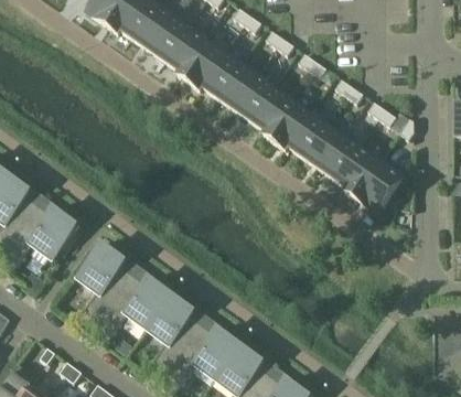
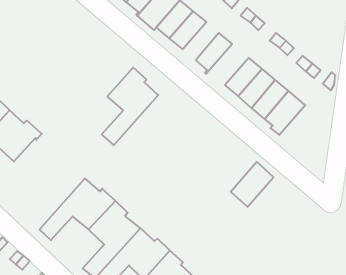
building: [234,75,274,120] -> none
building: [264,97,311,149] -> none
building: [355,159,403,212] -> [231,162,273,207]
building: [75,242,136,333] -> [102,68,158,145]

